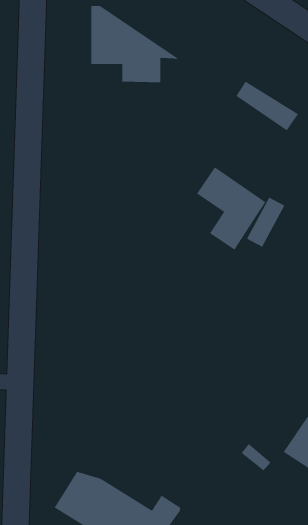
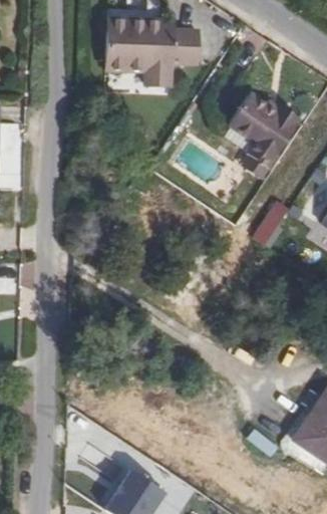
building: none -> [115,19,196,69]
building: [196,167,266,250] -> [225,103,290,182]

